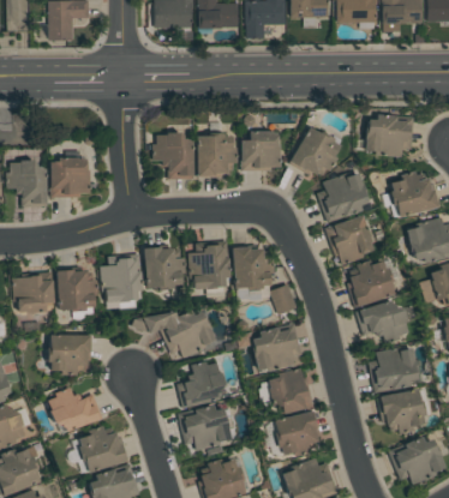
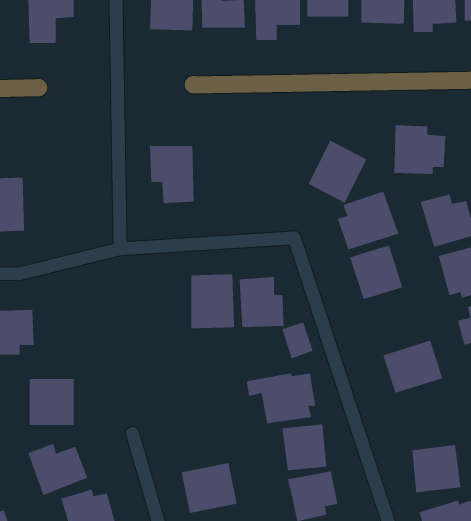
building: [241,127,280,169] -> none
building: [197,131,235,176] -> none
building: [49,154,89,196] -> none
building: [144,244,184,288] -> none
building: [102,253,140,304] -> none
building: [348,259,395,307] -> none
building: [56,266,95,311] -> none
building: [134,306,216,358] -> none
building: [370,346,419,390] -> none
building: [178,360,226,406] -> none

